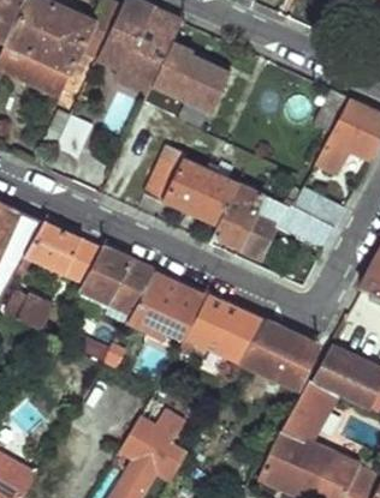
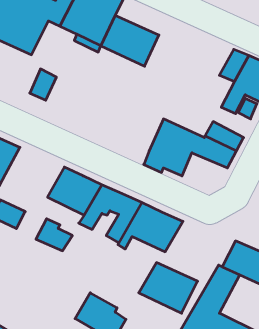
building: [144,158,237,226] -> none
building: [24,221,101,282] -> none
building: [239,320,319,389] -> [139,263,198,313]

